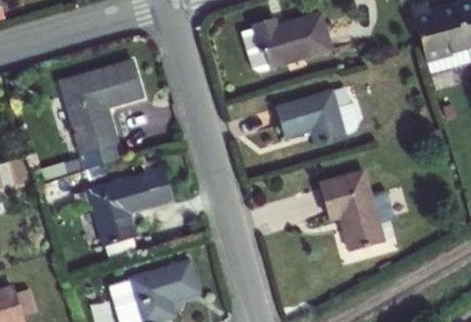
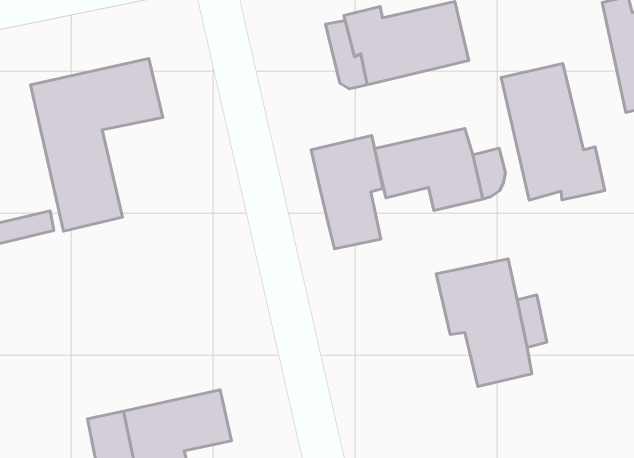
building: none -> [501,63,605,200]
building: none -> [311,135,383,249]
building: [89,169,172,245] -> none

